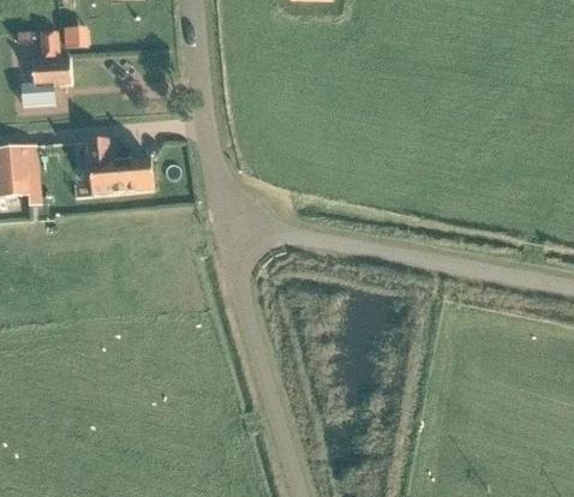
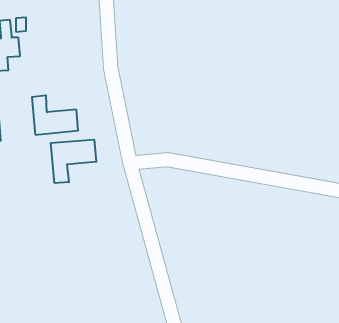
building: none -> [51,140,96,183]

